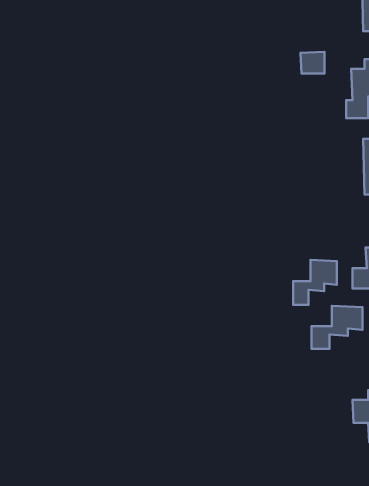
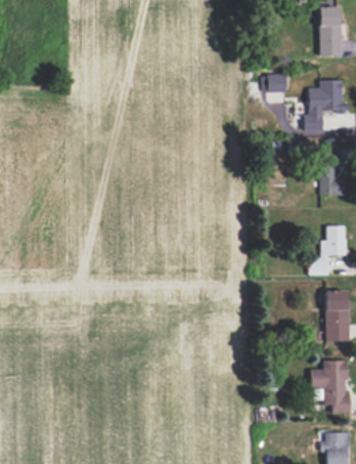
building: [293,260,337,305] -> none
building: [311,306,363,349] -> none

